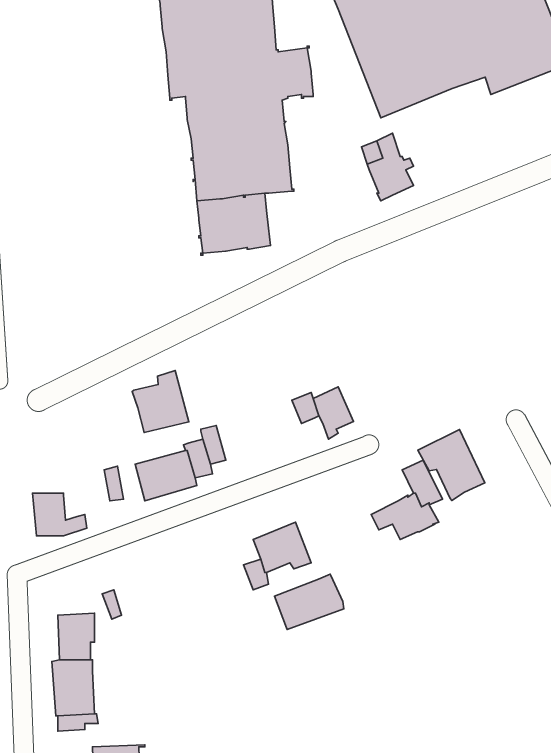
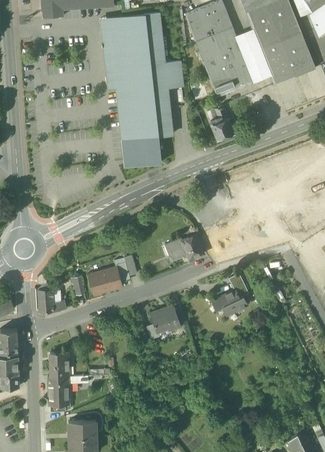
building: [132,370,189,433] -> none
building: [418,429,485,500] -> none
building: [275,574,344,630] -> none

